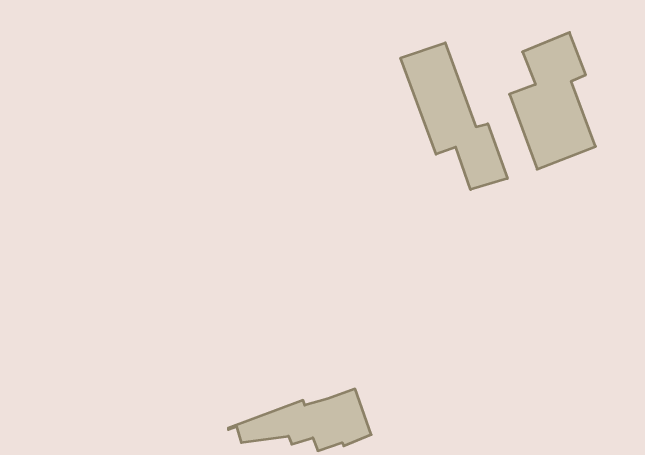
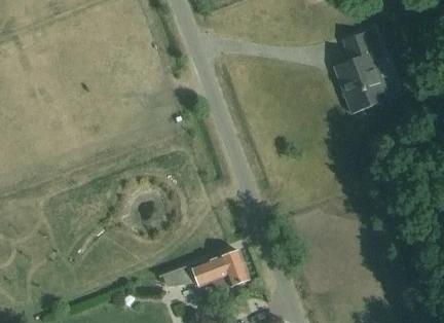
building: [401,43,507,190] -> none

